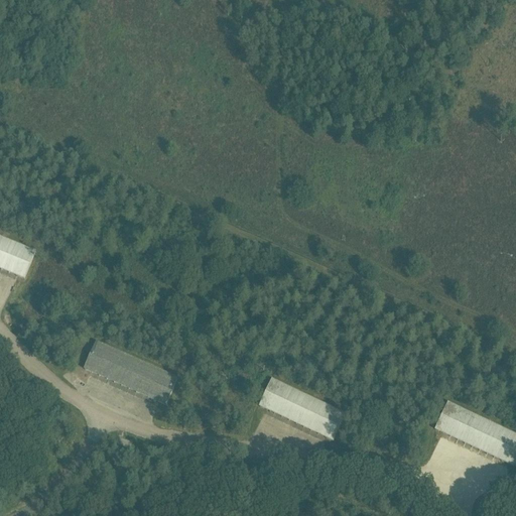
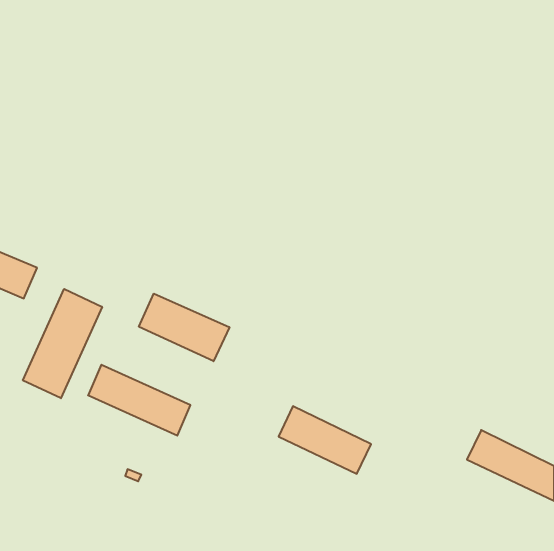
building: none -> [23,289,102,398]
building: none -> [139,294,229,361]

